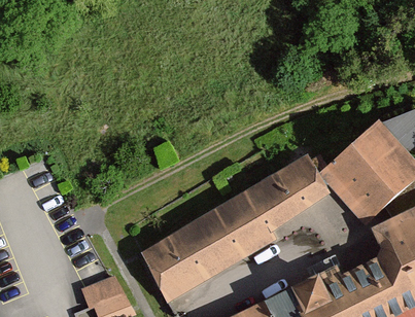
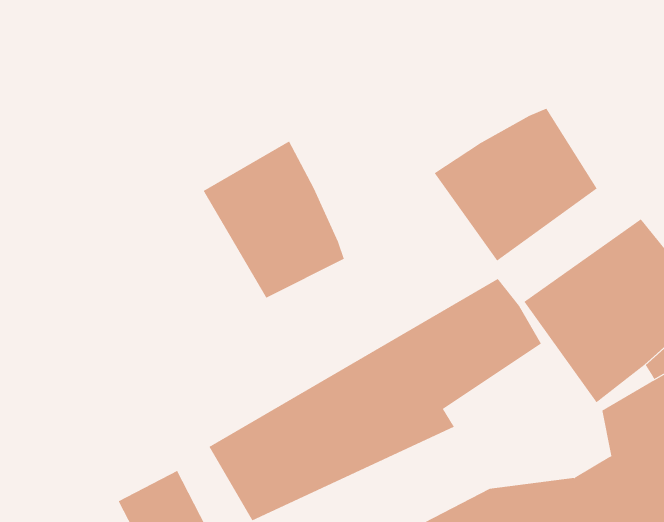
building: none -> [434,108,598,261]
building: none -> [203,140,345,298]

